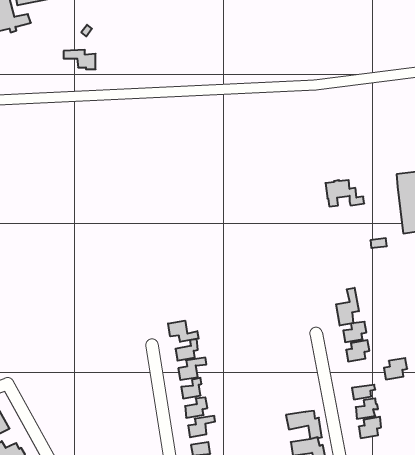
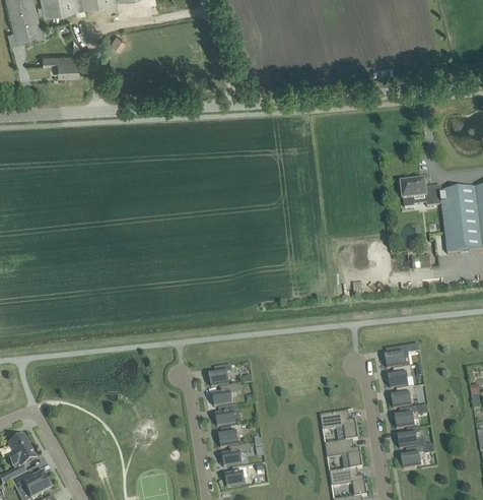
building: [64,50,96,69] -> [43,54,76,74]
building: [325,180,364,206] -> [400,179,440,206]
building: [336,288,359,326] -> none
building: [168,321,199,342] -> none
building: [384,358,407,379] -> [390,384,414,407]
building: none -> [320,409,356,439]

